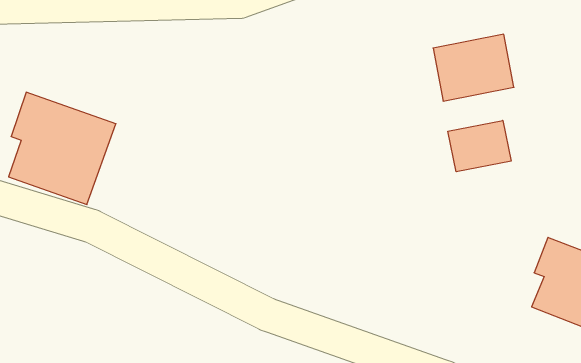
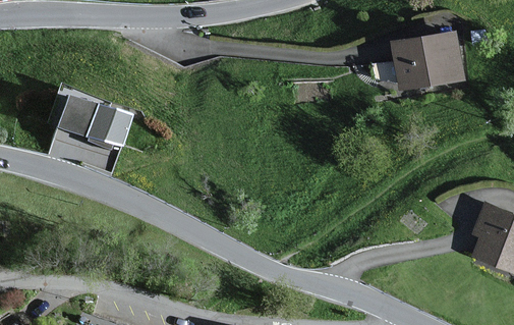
building: [448,120,511,172] -> none

